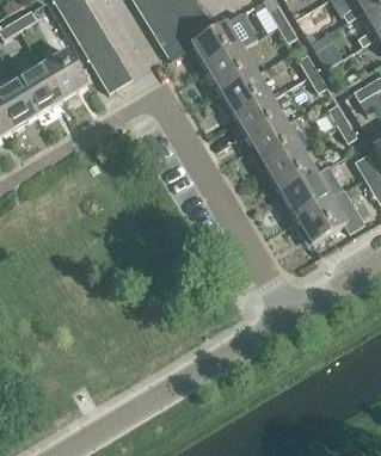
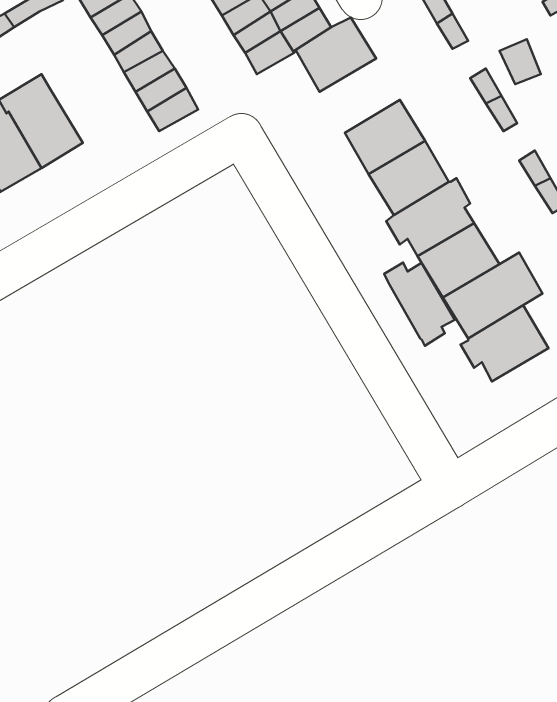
building: [205,47,254,92] -> none
building: [41,49,87,98] -> none
building: none -> [384,263,455,346]

